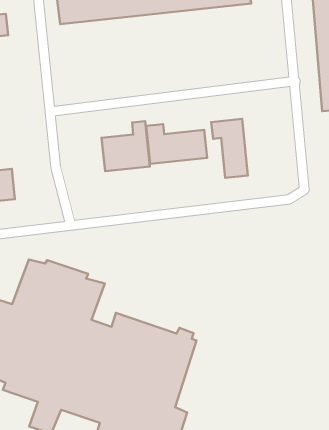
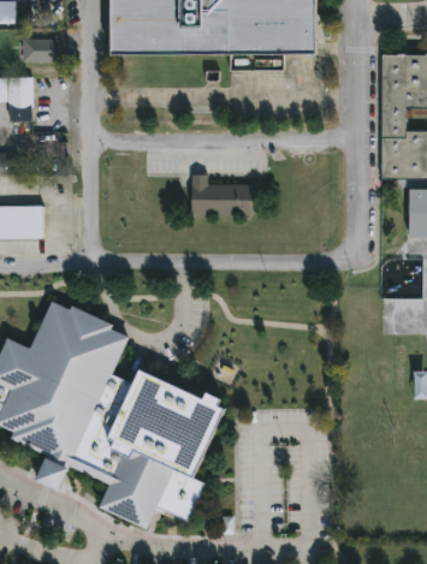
building: [211,119,248,178] -> none
building: [102,121,150,171] -> none

